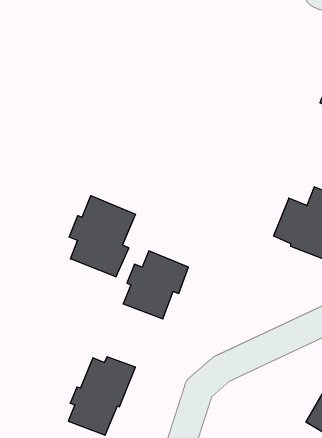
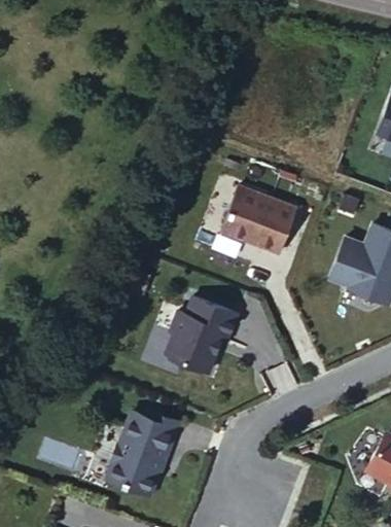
building: none -> [220,183,295,252]
building: [69,196,136,277] -> none

